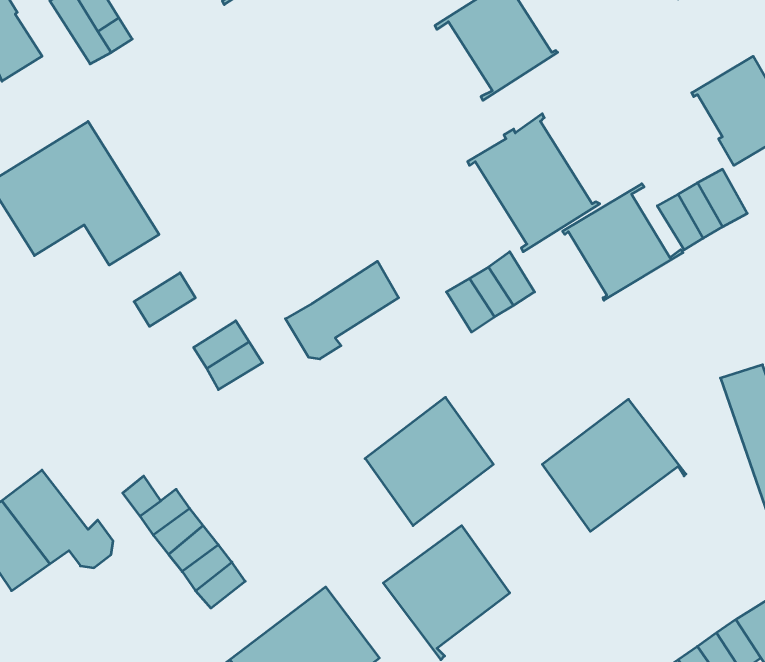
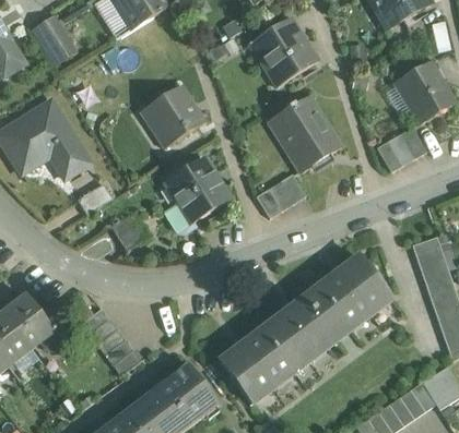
building: none -> [140,85,203,147]
building: [563,184,683,300] -> none
building: none -> [166,158,216,202]
building: [365,397,493,526] -> [264,293,338,366]

